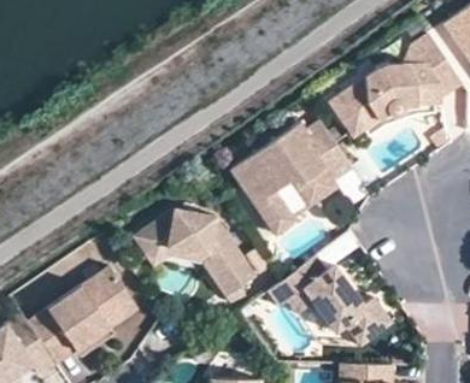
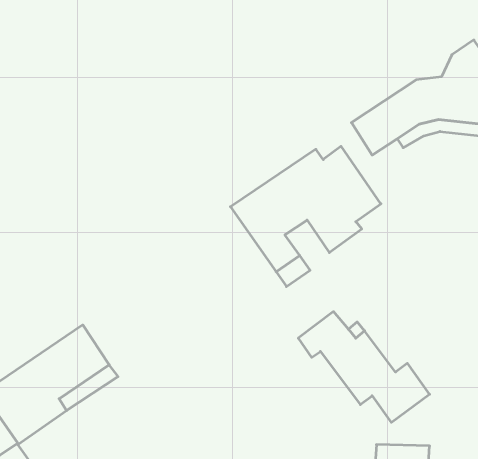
building: [139,211,255,306] -> none

